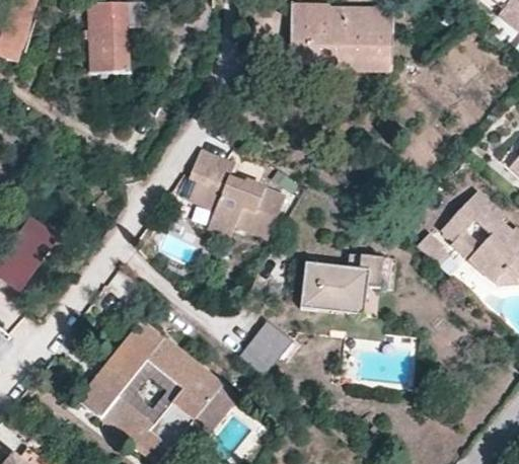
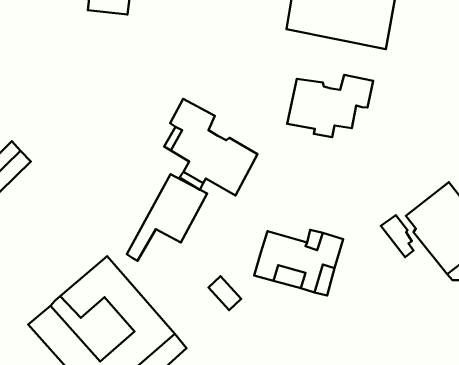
building: none -> [287,75,373,137]
building: none -> [127,174,207,261]
building: [238,332,279,373] -> none

